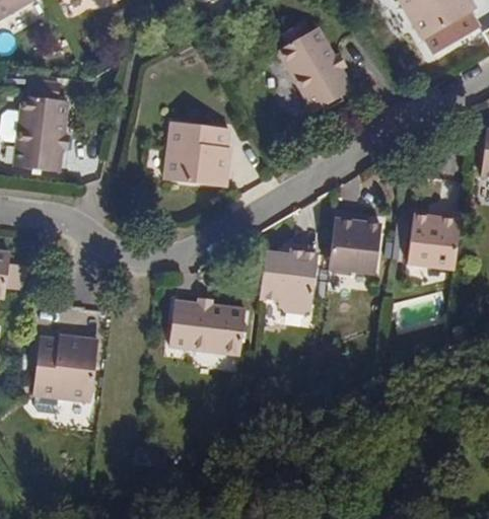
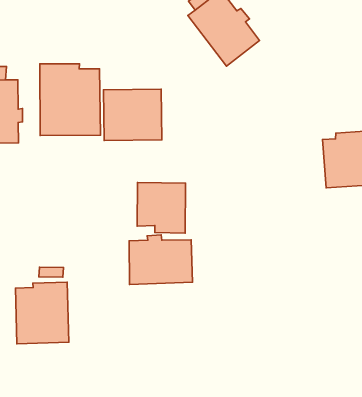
building: none -> [40,64,100,136]
building: [327,211,385,276] -> none
building: [258,250,320,315] -> [137,183,185,233]

